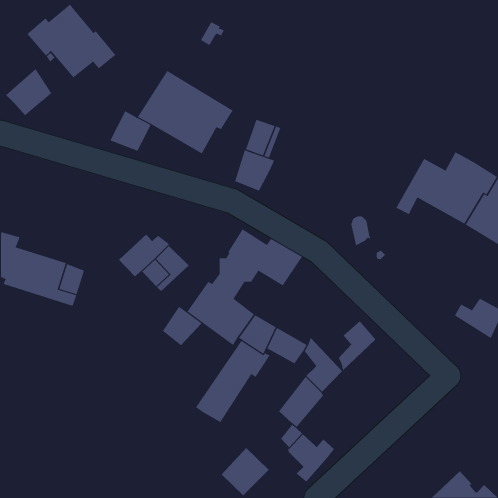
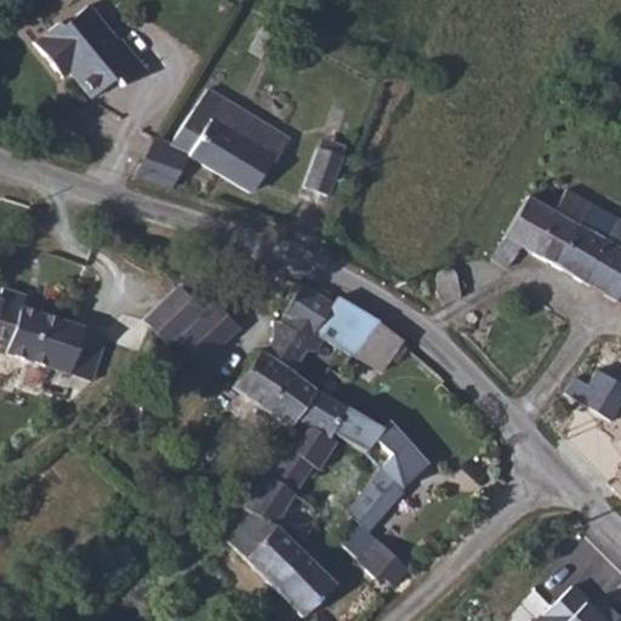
building: [5,68,52,116] -> none
building: [234,149,275,192] -> none
building: none -> [353,319,403,372]
building: [162,306,202,346] -> none
building: [338,320,376,371] -> none
building: none -> [226,512,307,589]

